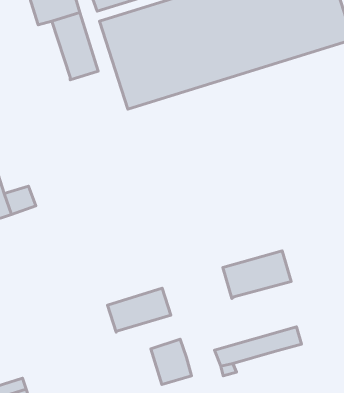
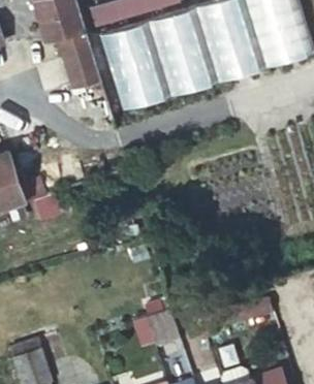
building: [223,251,291,298] -> none
building: [107,288,171,332] -> none

